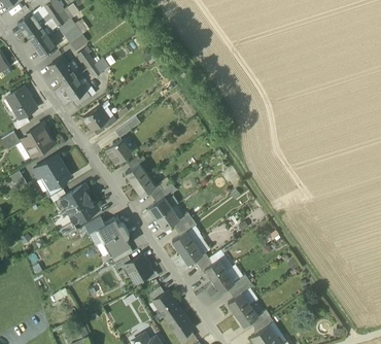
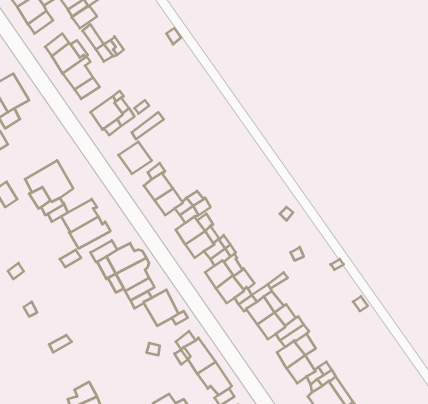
building: [22,124,54,156] -> none

